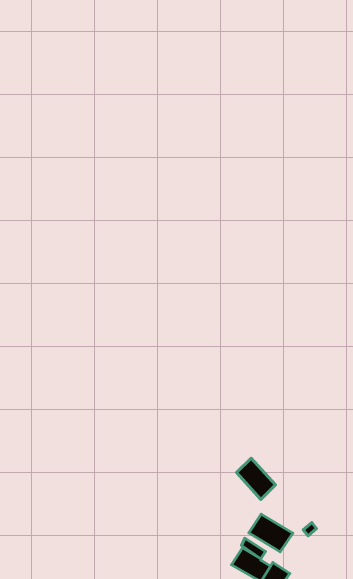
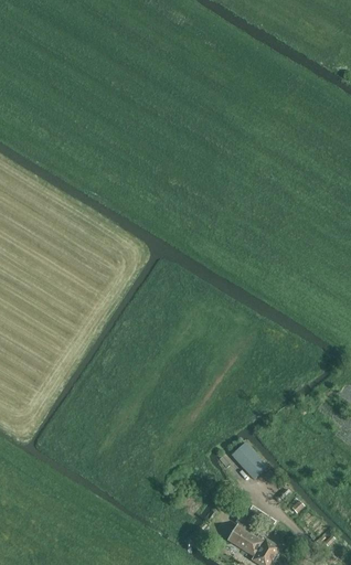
building: [249,514,293,552] -> none

